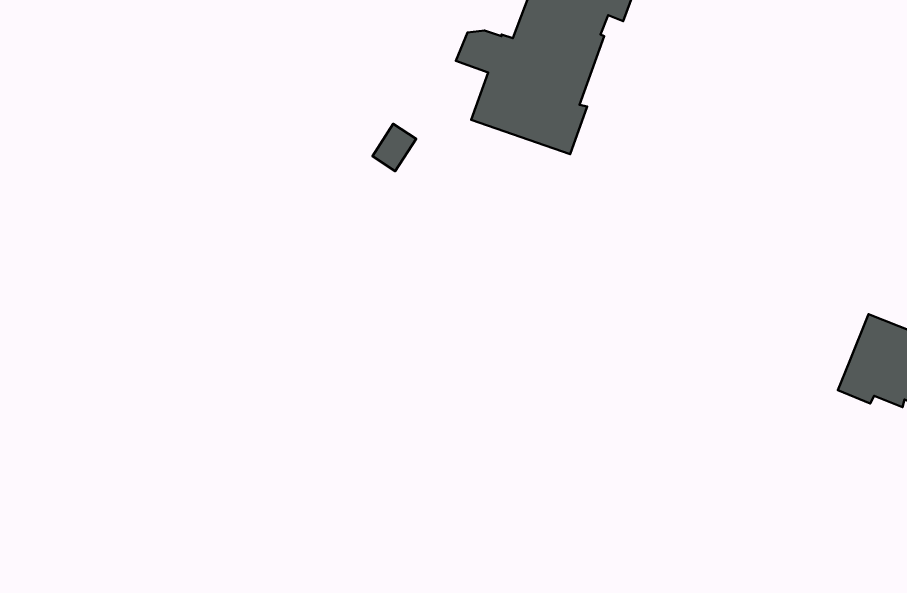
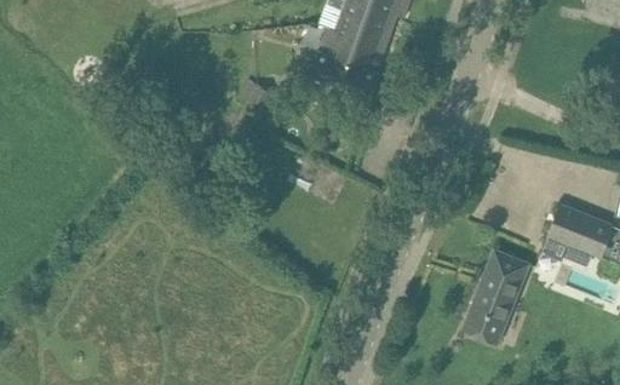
building: none -> [463,249,528,344]

